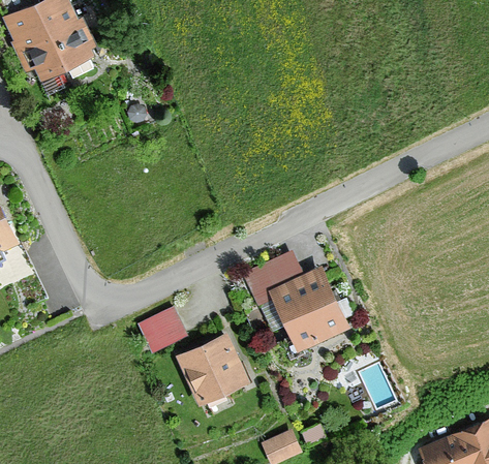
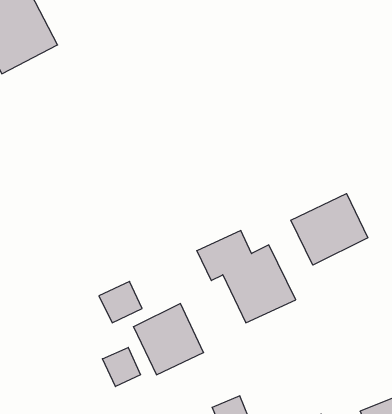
building: none -> [291,194,368,265]
building: none -> [102,347,141,387]

